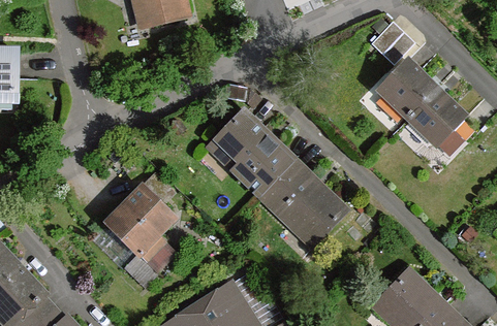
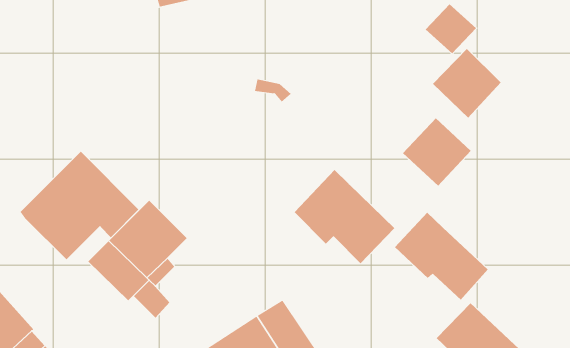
building: [407,89,465,146] -> [402,117,472,186]
building: [216,111,296,197] -> none
building: none -> [20,151,139,260]
building: none -> [394,212,489,300]

